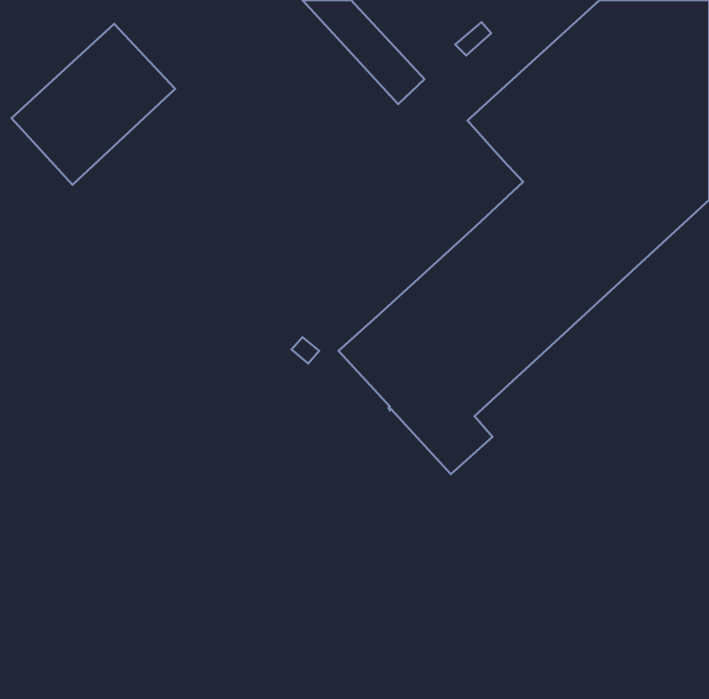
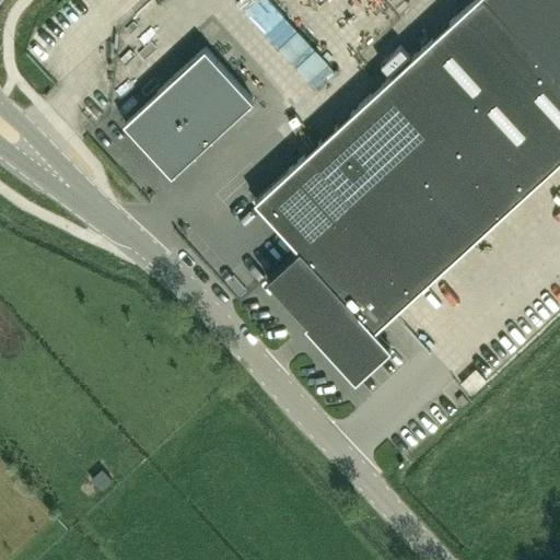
building: [12,24,175,185] -> [124,55,253,182]
building: none -> [254,103,412,255]

